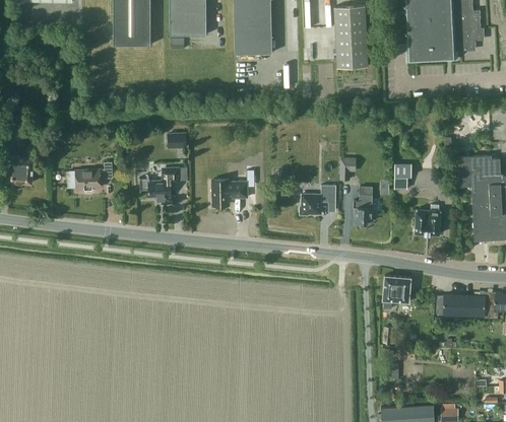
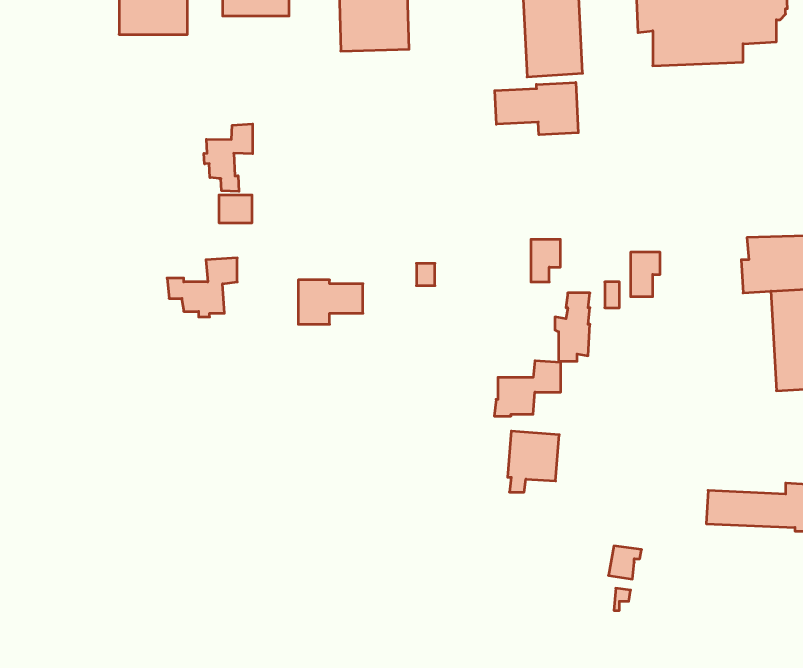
building: none -> [495,82,578,135]
building: none -> [204,124,253,191]
building: [67,162,112,190] -> none
building: [299,185,335,215] -> [494,361,561,416]
building: [415,205,440,234] -> none
building: [382,275,410,308] -> [508,431,559,492]

